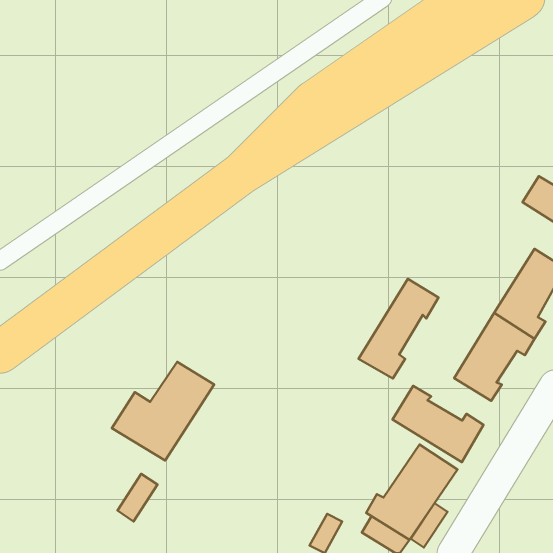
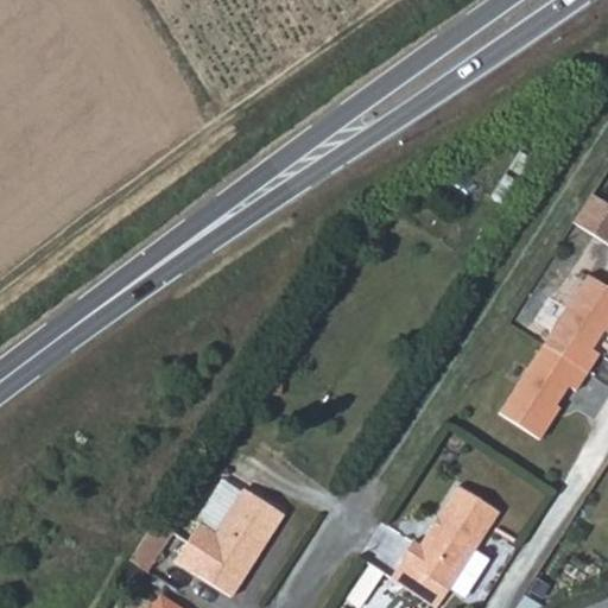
building: [358,279,438,379] -> none
building: [112,362,214,461] -> [176,488,287,596]
building: [392,386,484,462] -> none

